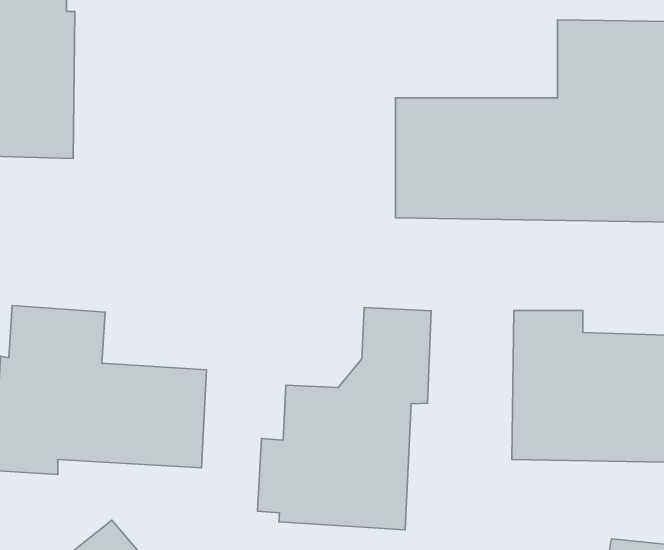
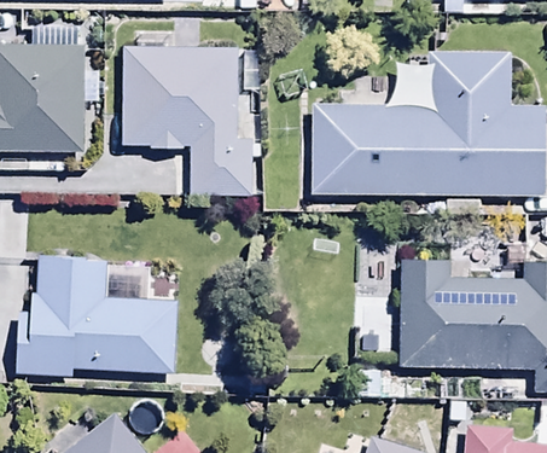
building: none -> [122,45,251,194]
building: [258,307,431,530] -> none

